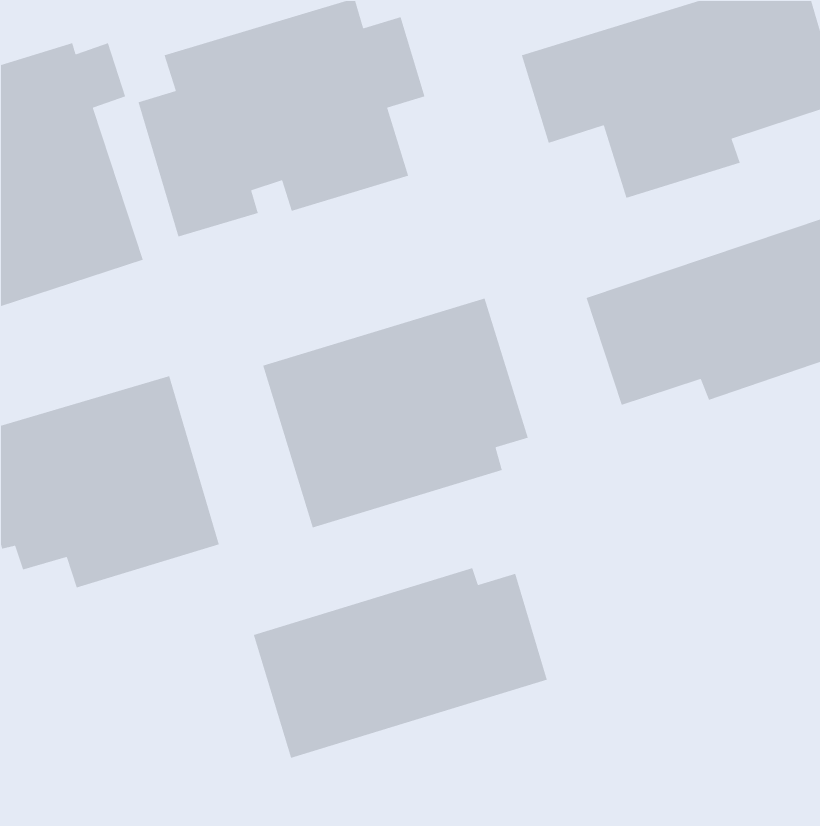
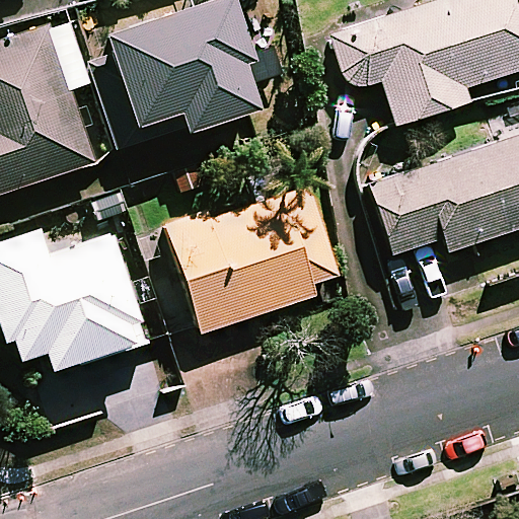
building: [253,567,548,759] -> none

